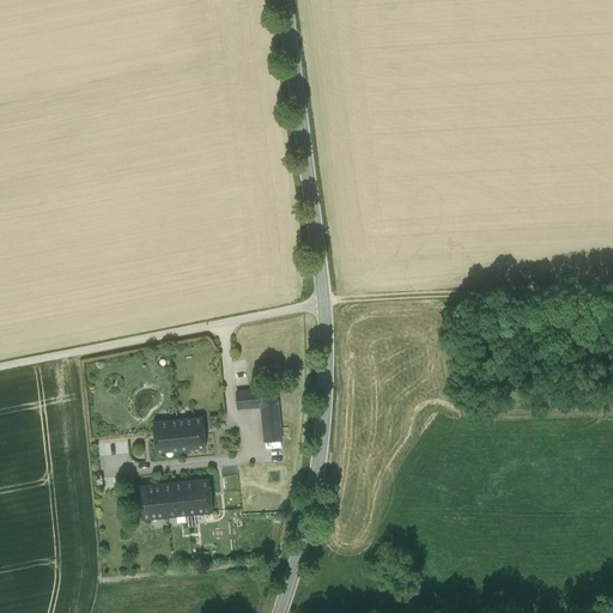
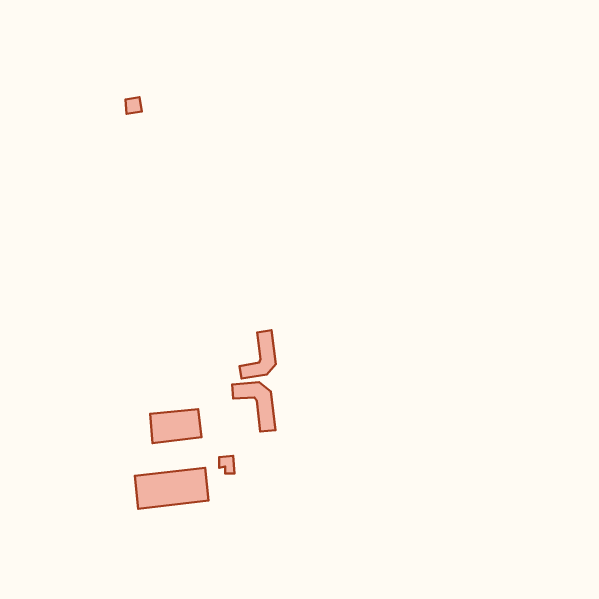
building: none -> [239,330,276,378]

